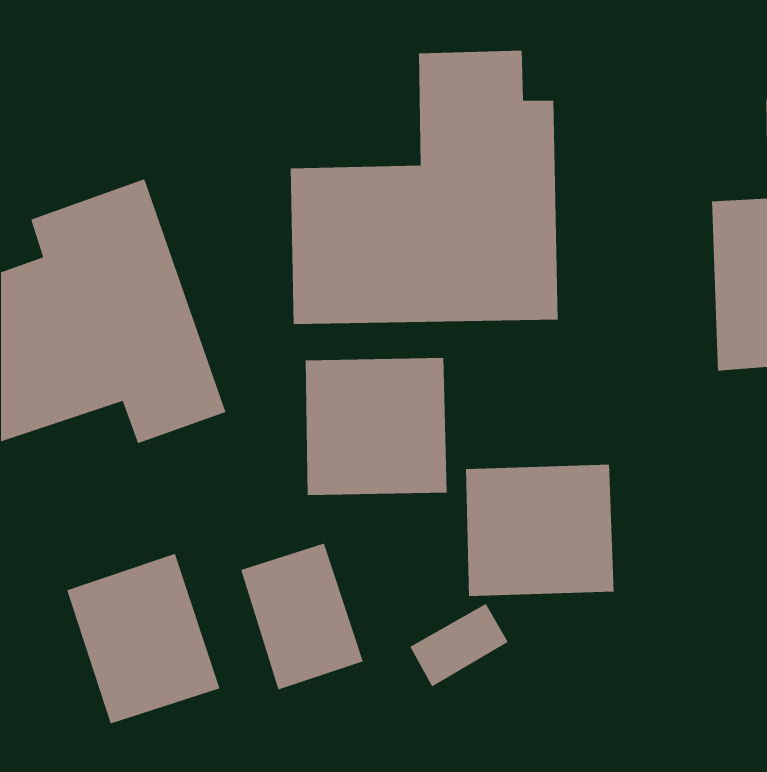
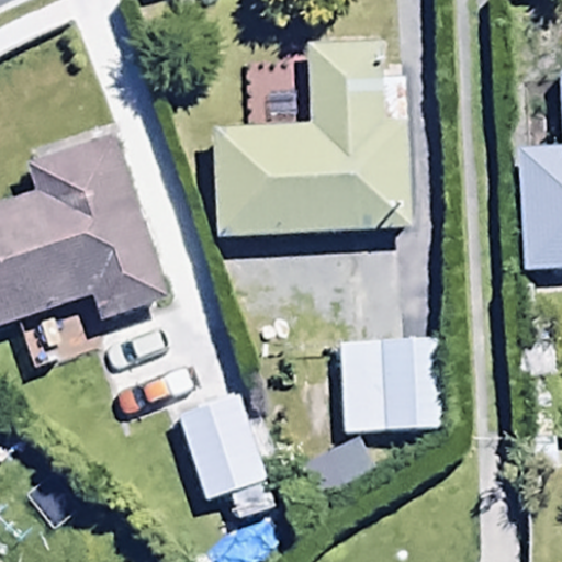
building: [305,357,448,496] -> none
building: [66,553,220,725] -> none

